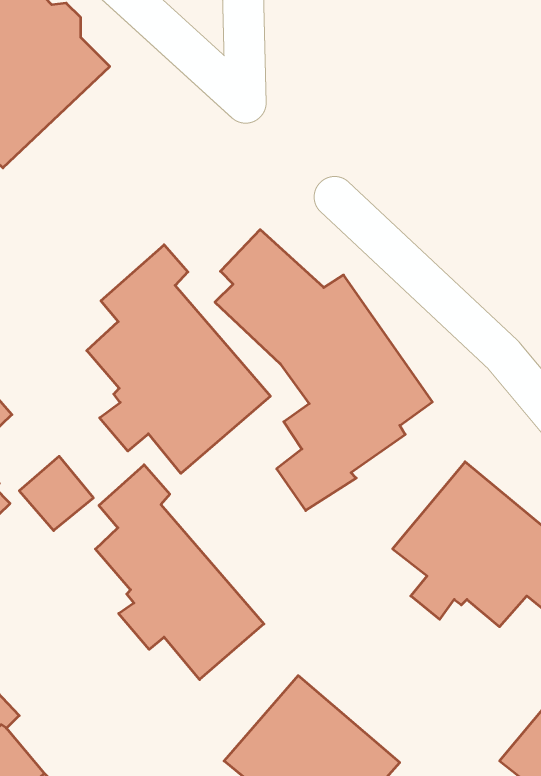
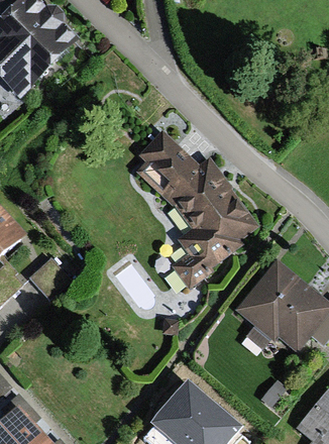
building: [87,245,270,473] -> none
building: [95,465,264,680] -> none

